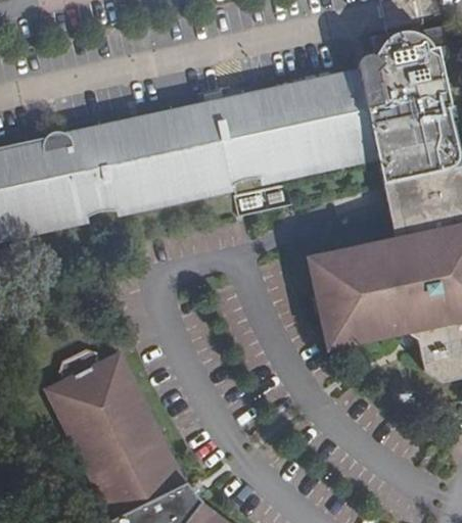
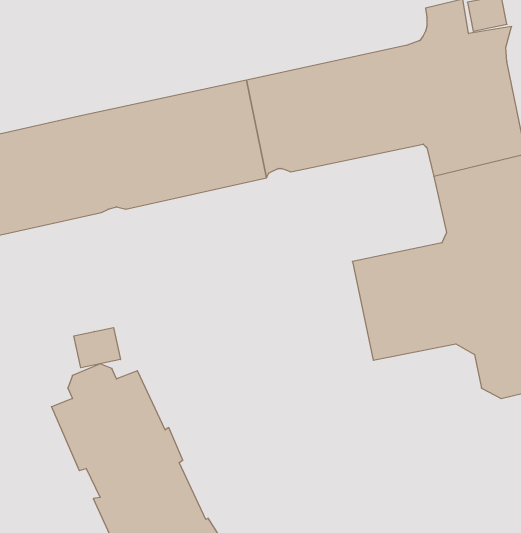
building: none -> [74,328,120,368]

